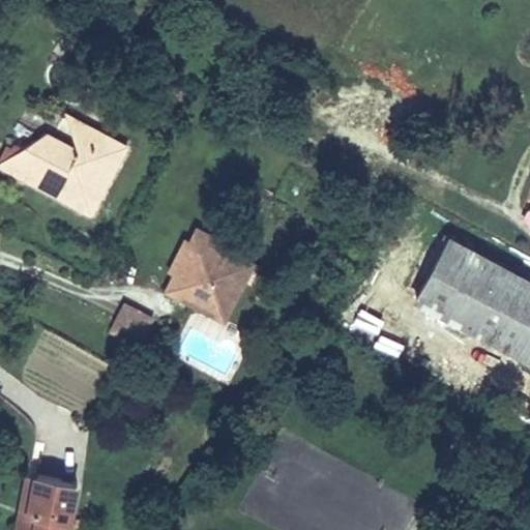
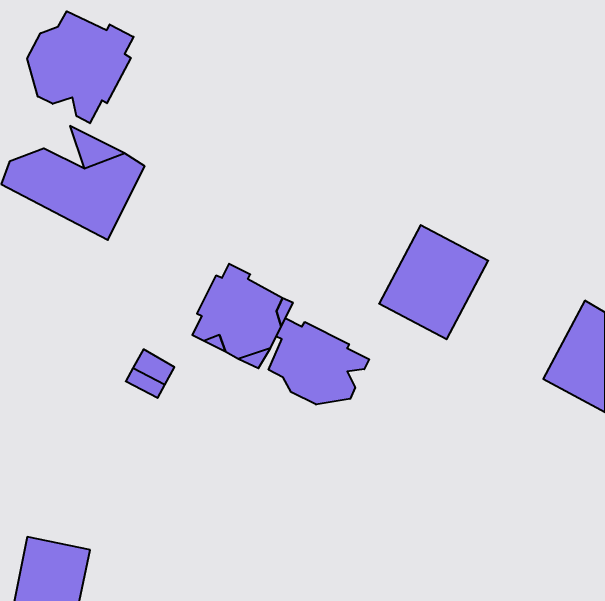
building: none -> [27,11,134,123]
building: [415,236,510,335] -> [379,225,488,339]
building: none -> [269,318,369,405]

